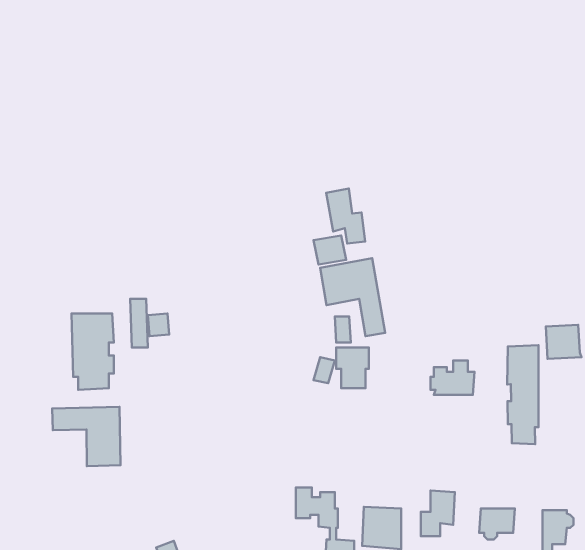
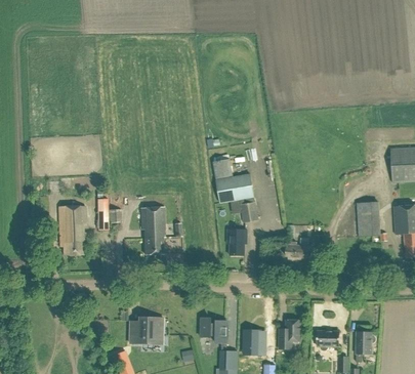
building: [326,188,365,244] -> none
building: none -> [139,207,164,253]
building: [507,345,539,444] -> none
building: [52,407,120,466] -> none
building: none -> [128,317,162,341]

